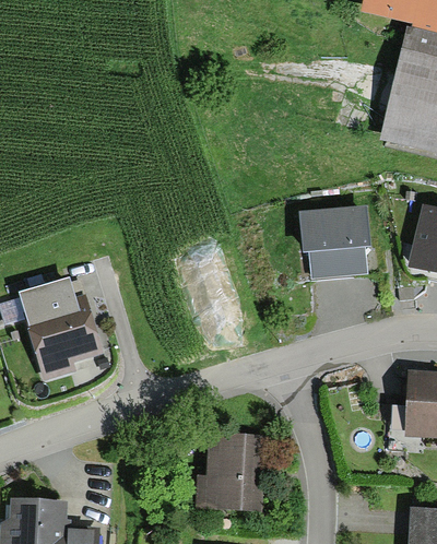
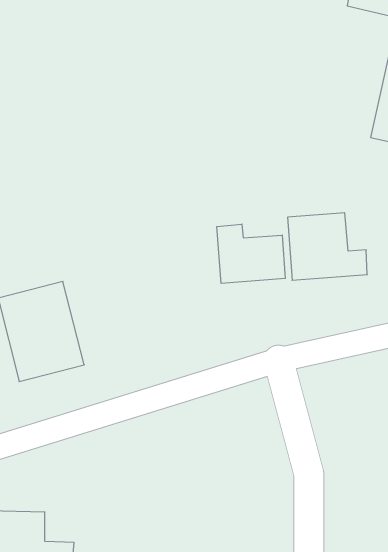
building: none -> [217,224,285,283]
building: [202,434,262,507] -> none

